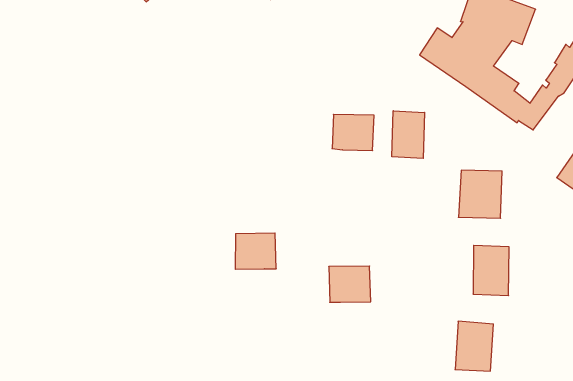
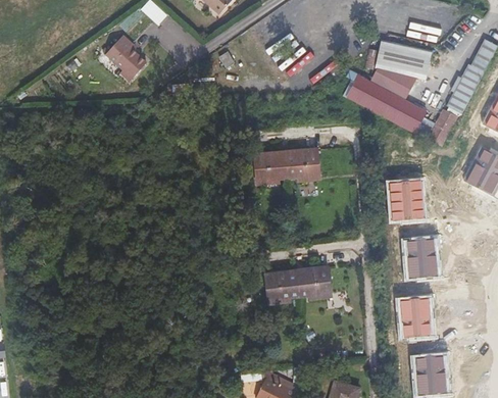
building: [392,111,425,158] -> none
building: none -> [254,151,288,181]
building: [235,233,276,269] -> [265,269,300,301]

